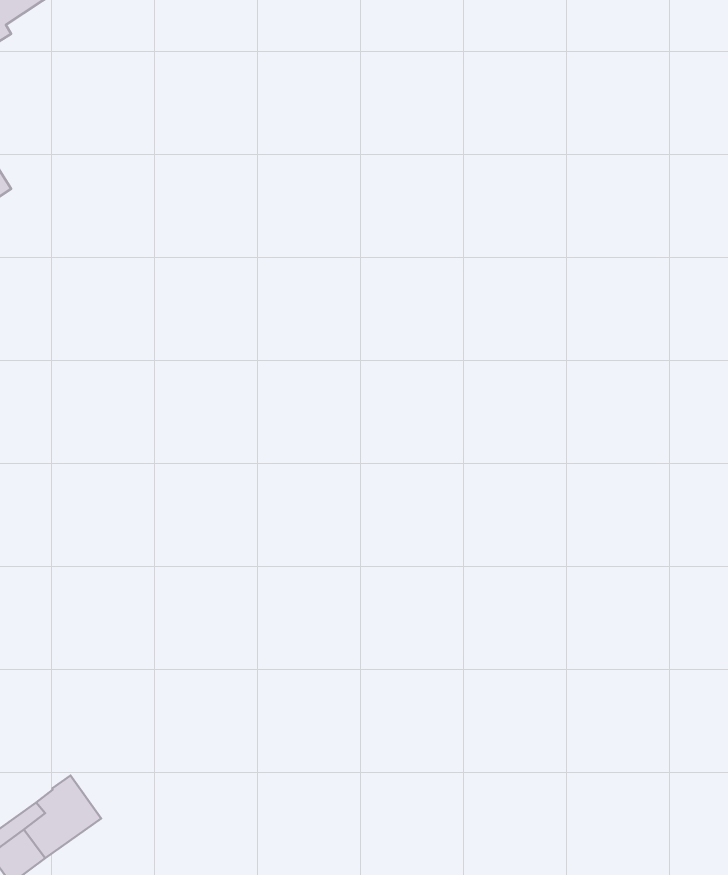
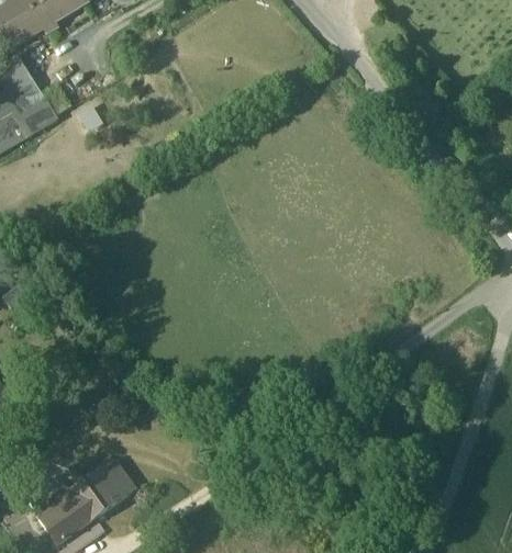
building: none -> [93,466,132,501]

